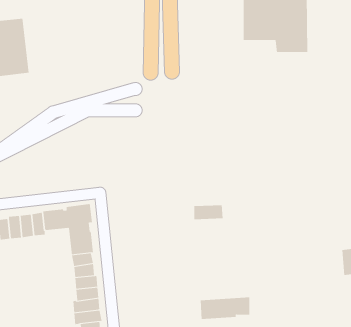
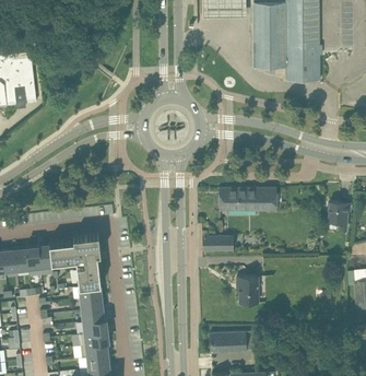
building: none -> [219,187,278,210]
building: none -> [329,201,347,230]
building: none -> [237,277,258,305]

